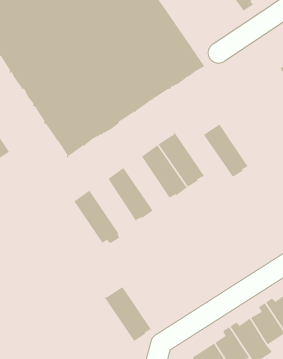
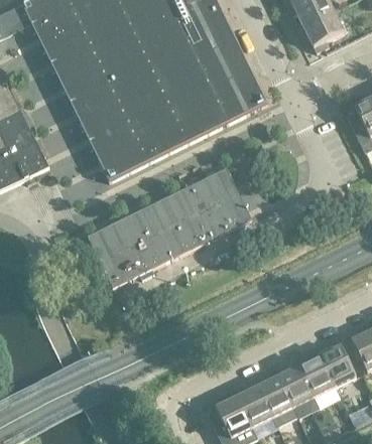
building: [203,122,249,178] -> [166,188,211,249]
building: none -> [127,207,171,268]
building: [104,285,152,342] -> [87,227,133,288]

